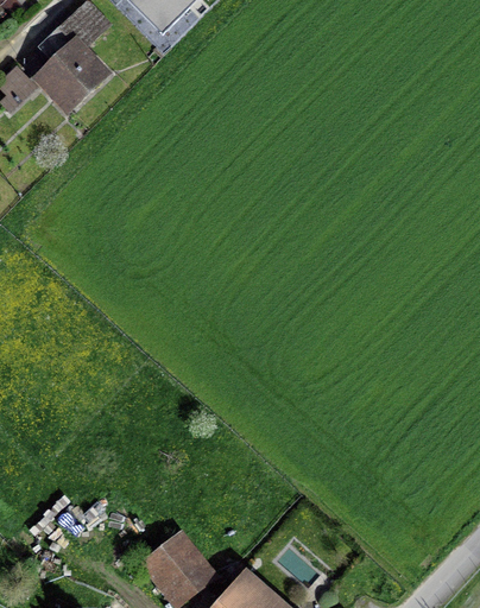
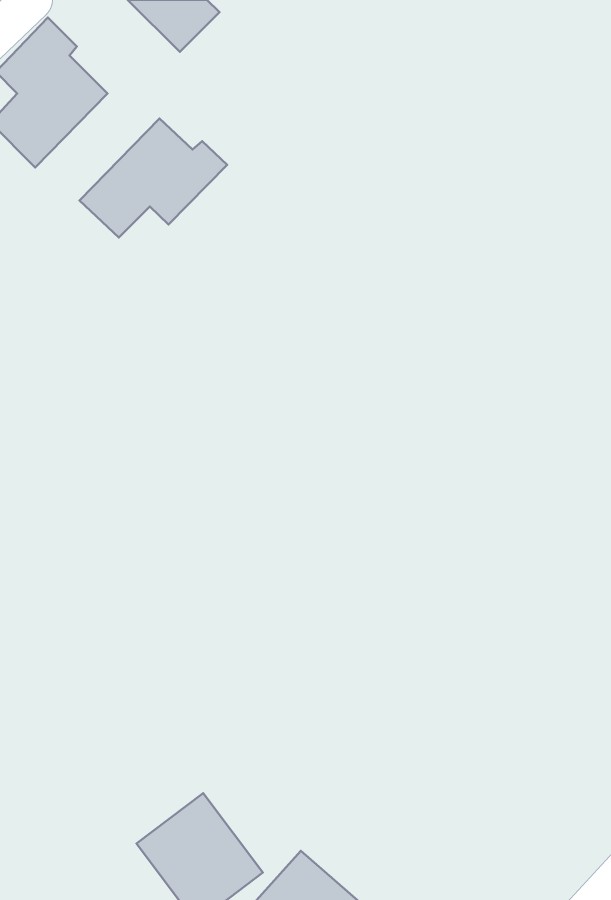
building: none -> [79,118,227,238]

